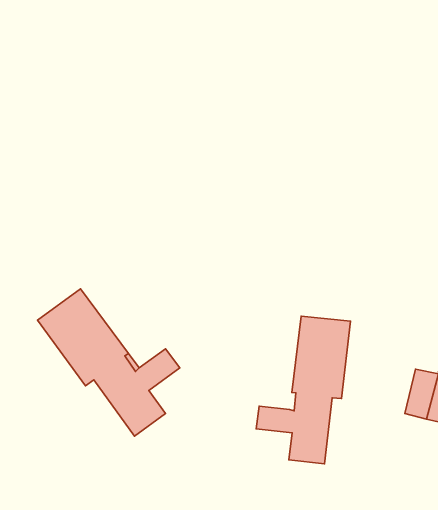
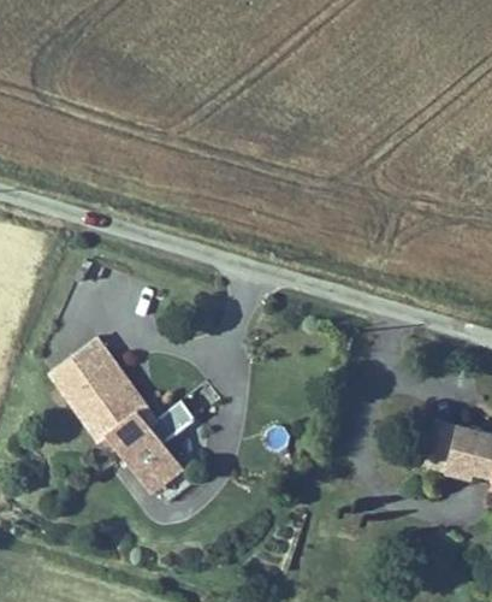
building: [256,316,351,464] -> none

